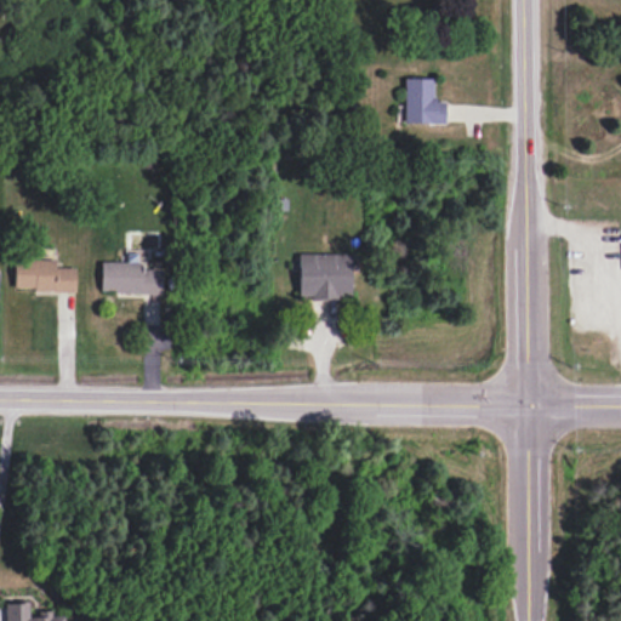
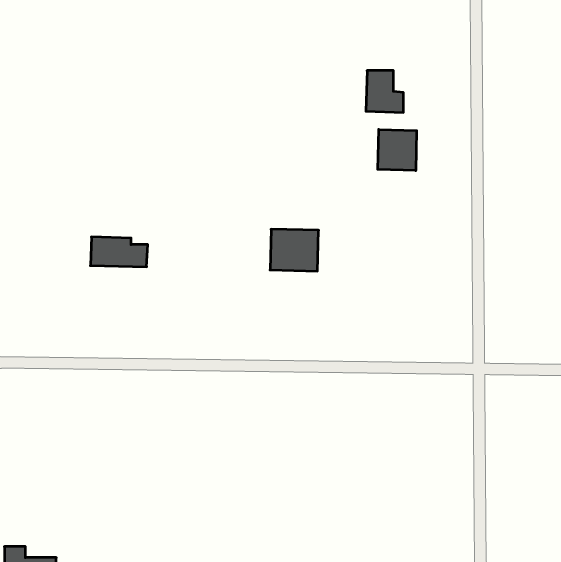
building: none -> [378,129,417,171]
building: [16,260,78,292] -> none

